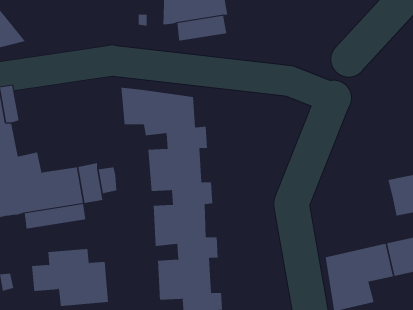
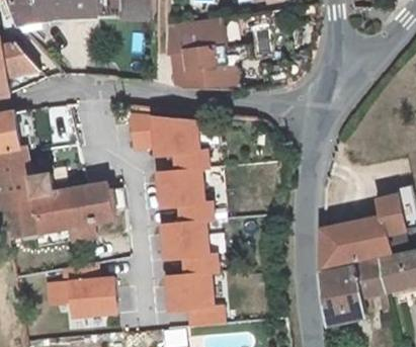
building: none -> [172,63,243,89]
building: none -> [320,216,391,268]

